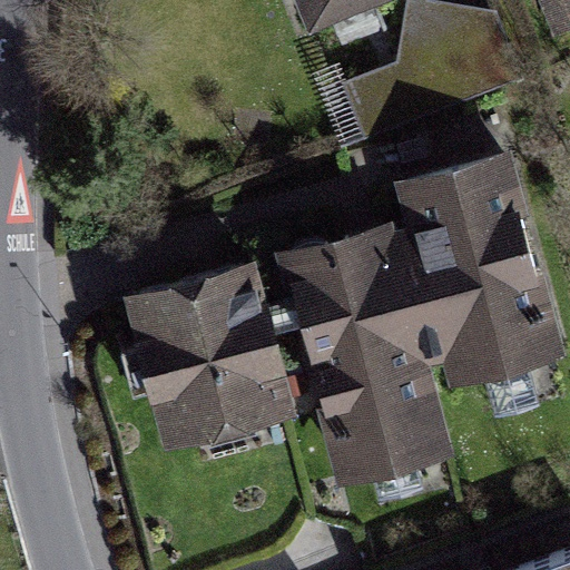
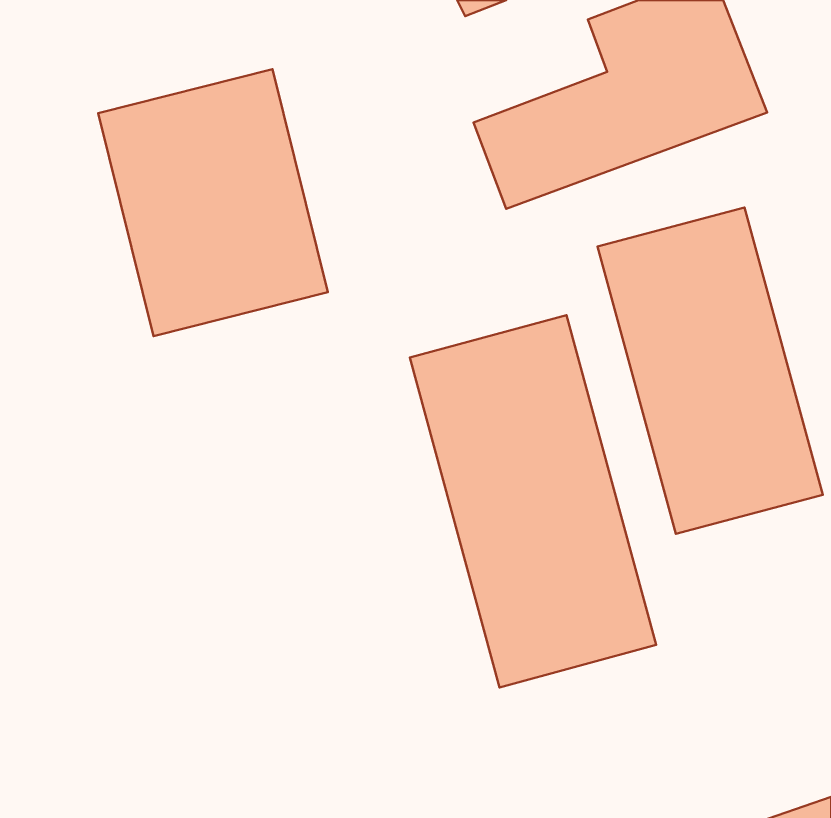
building: none -> [98,69,328,336]
building: [134,265,285,438] -> none

